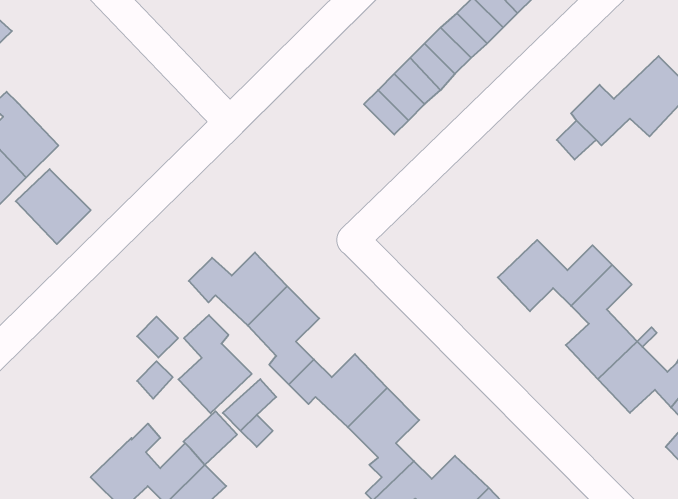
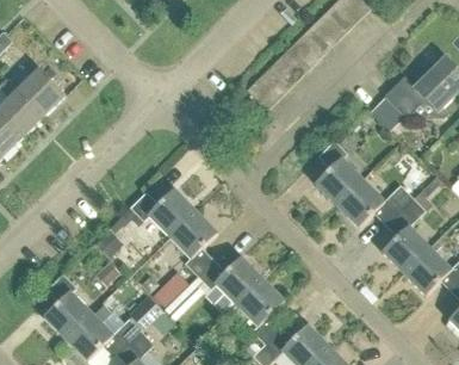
building: [16,169,91,244] -> [15,66,66,116]
building: none -> [315,140,362,204]
building: [178,315,252,413] -> [43,272,92,338]

